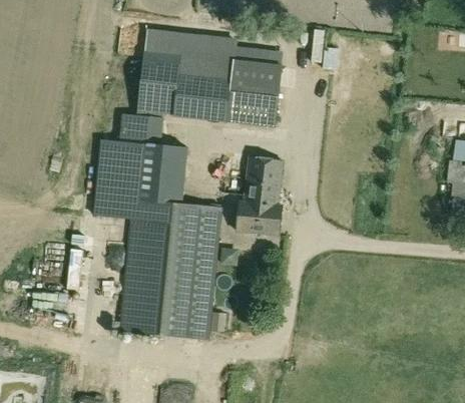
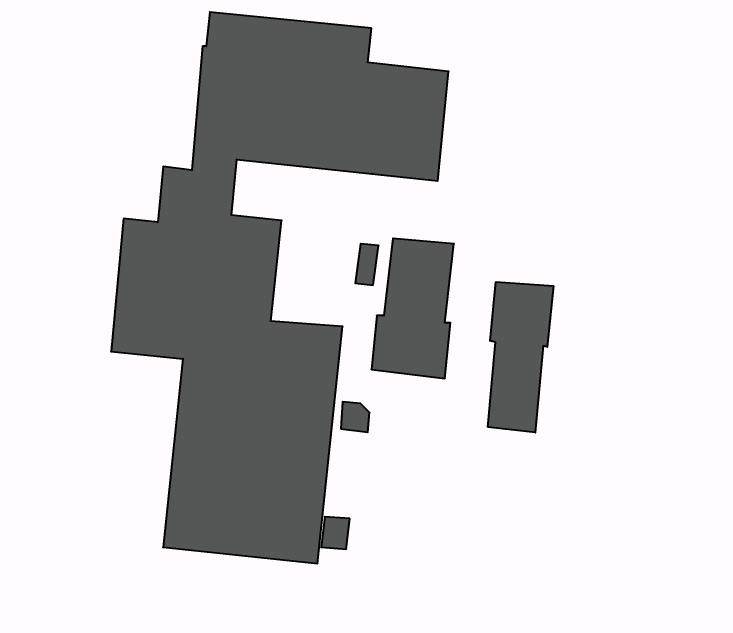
building: none -> [488,282,553,433]

